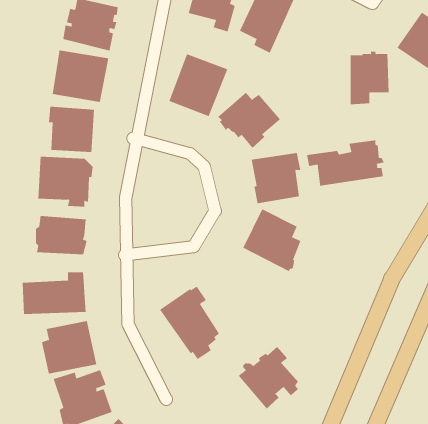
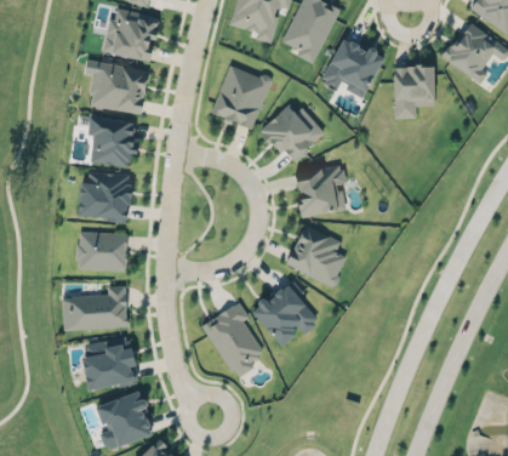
building: none -> [321,39,383,98]
building: [307,139,384,187] -> none
building: [238,346,299,409] -> [253,281,315,346]

